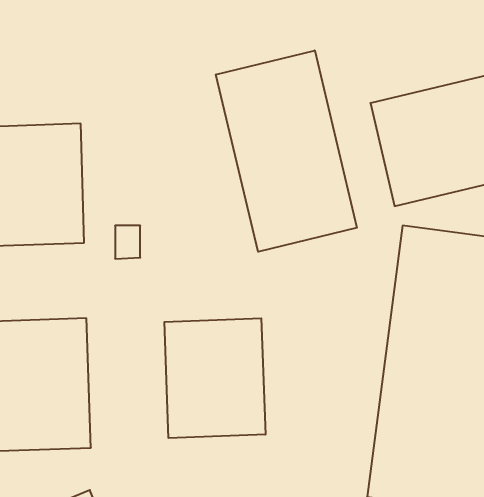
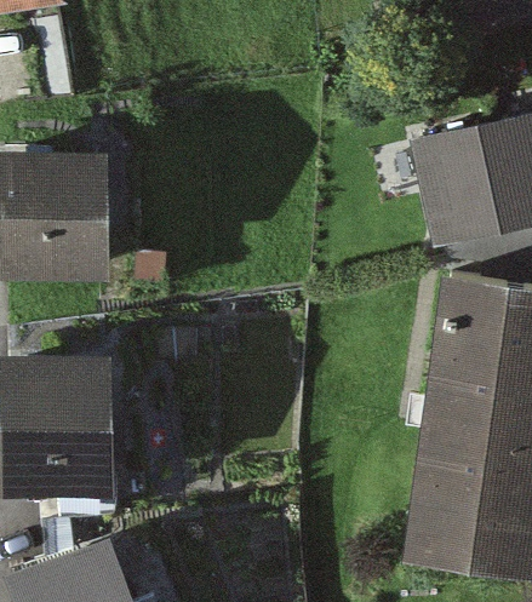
building: [216,50,357,252] -> none
building: [164,318,265,438] -> none

